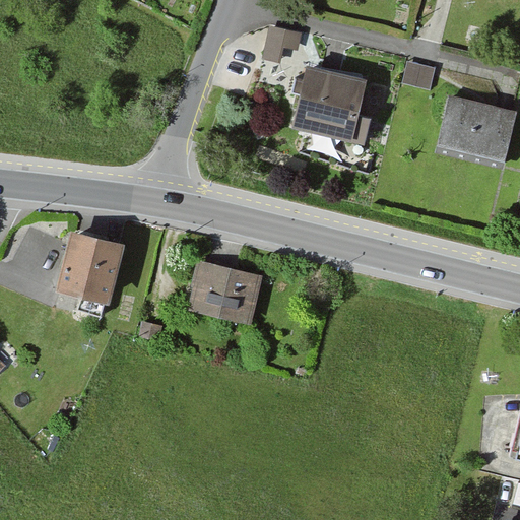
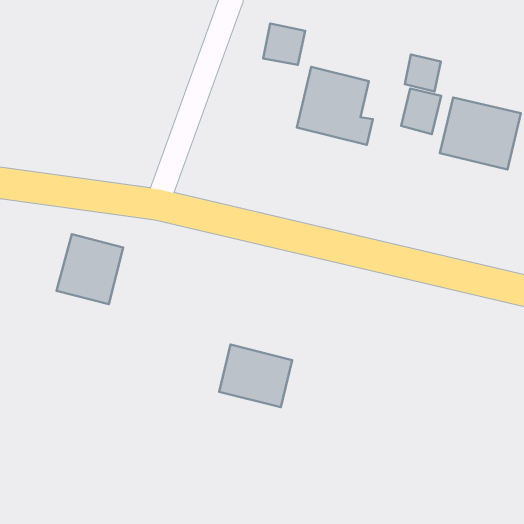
building: none -> [401,88,441,134]
building: [189,261,261,323] -> [219,345,292,407]

